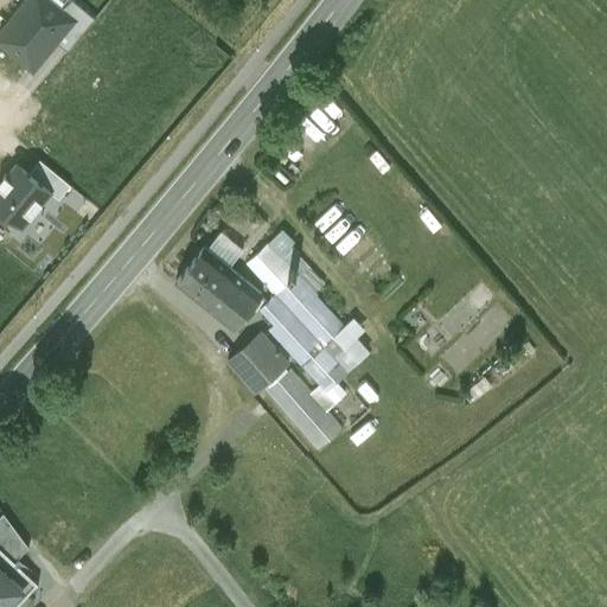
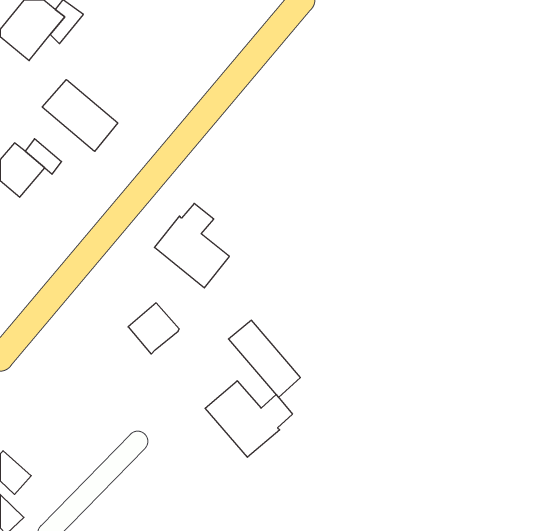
building: none -> [42,80,118,151]
building: [245,243,371,394] -> none
building: [229,334,287,392] -> [128,303,179,354]
building: none -> [205,381,292,457]

